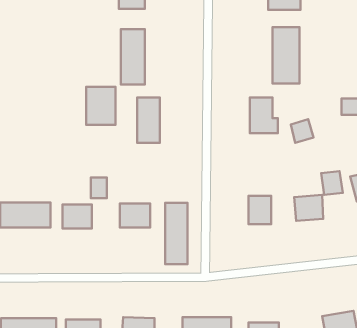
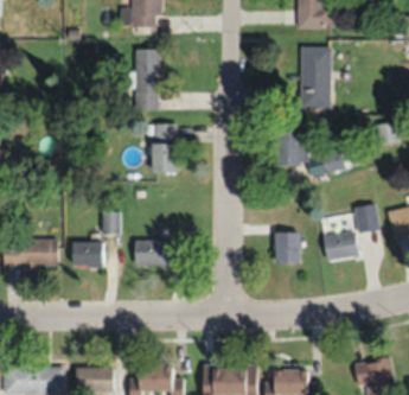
building: [86,87,116,125] -> none
building: [165,203,188,264] -> none

